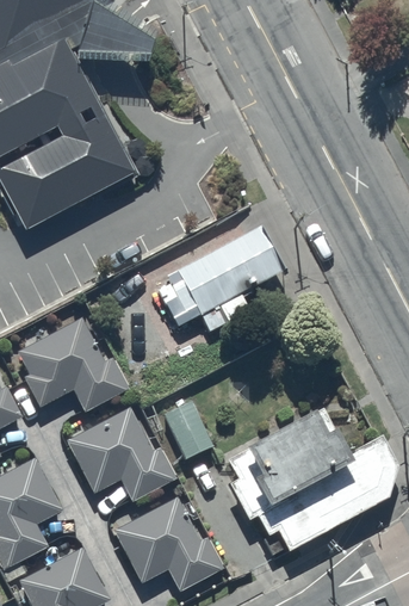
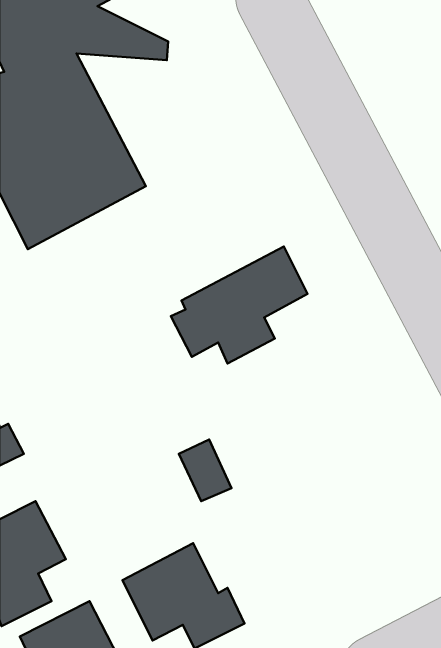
building: [16,319,128,412] -> none
building: [225,407,396,550] -> none
building: [64,408,175,502] -> none

